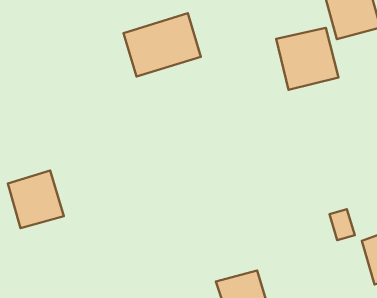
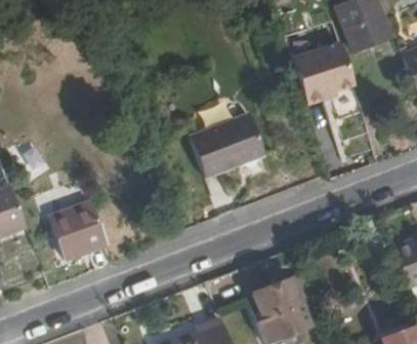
building: [124,13,201,77] -> [189,117,264,182]

